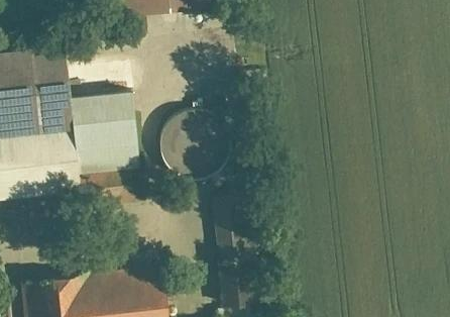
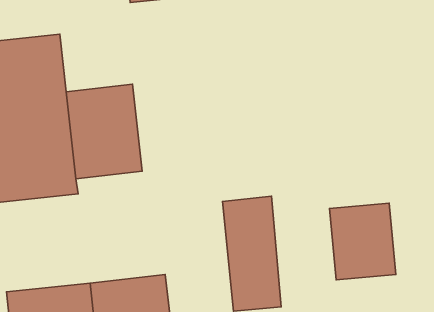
building: [167,111,227,169] -> none
building: none -> [330,203,396,280]

